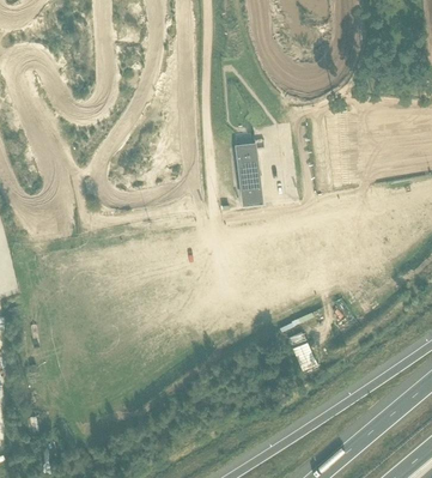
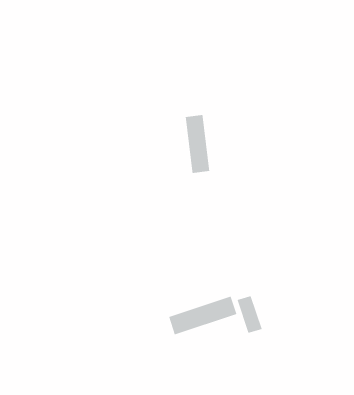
building: none -> [168,295,237,335]

